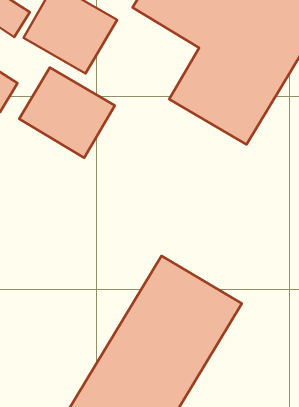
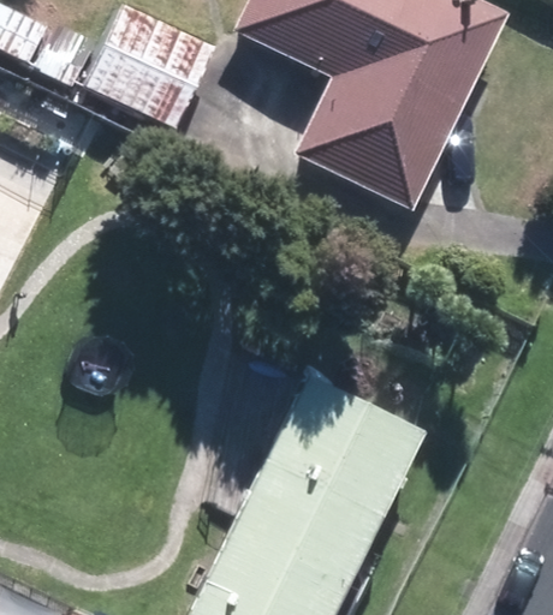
building: [19,68,115,158] -> none

